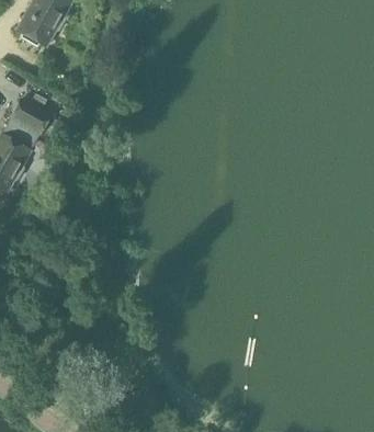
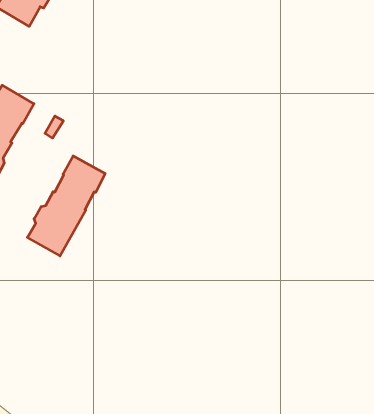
building: none -> [27,156,105,256]

